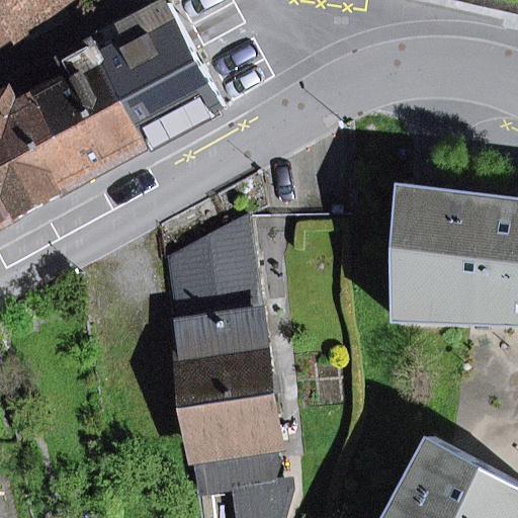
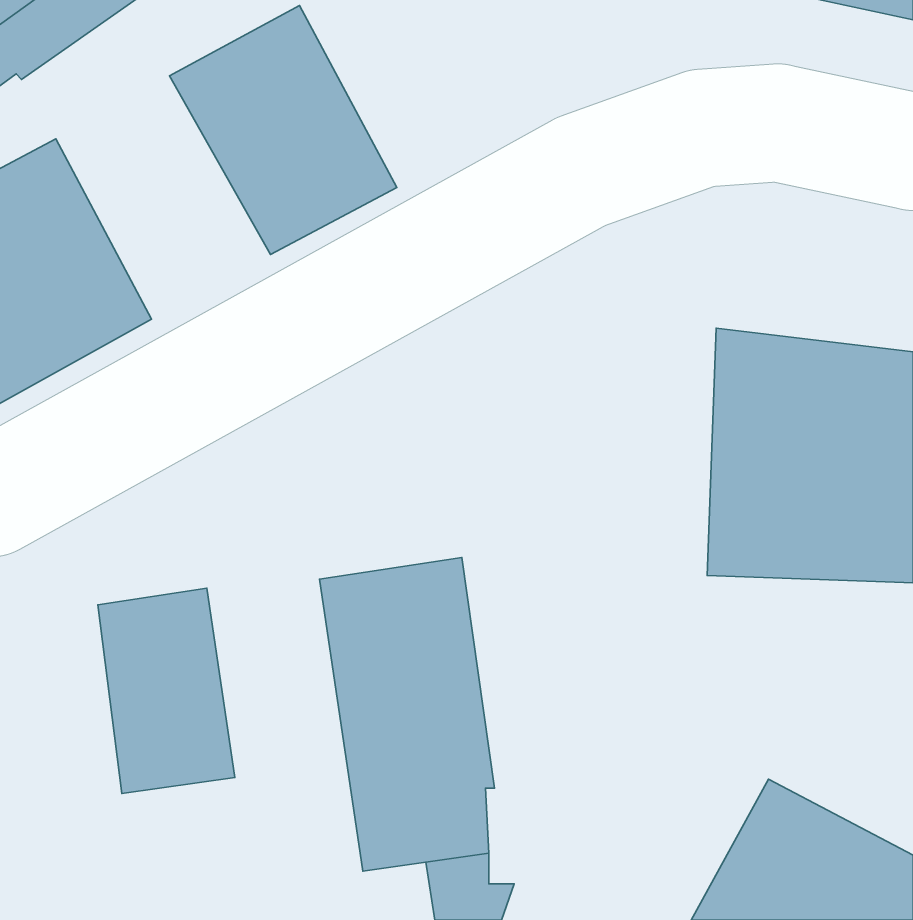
building: [31,42,152,179] -> none
building: [169,215,259,325] -> none
building: none -> [98,588,235,793]

